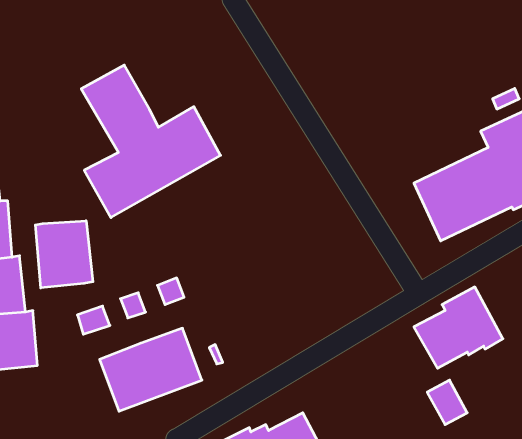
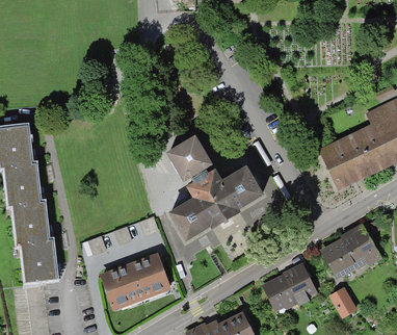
building: [81,65,221,218] -> [168,137,266,244]
building: [35,221,93,288] -> none
building: none -> [262,264,318,313]

